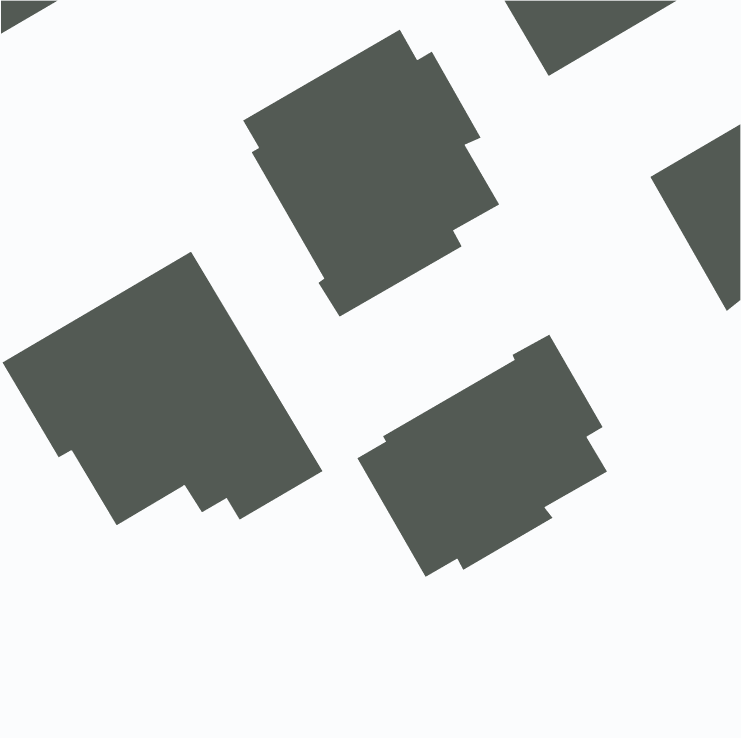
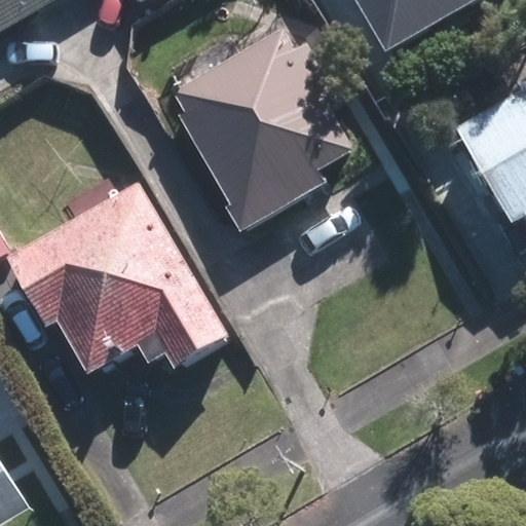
building: [356,334,608,578] -> none

